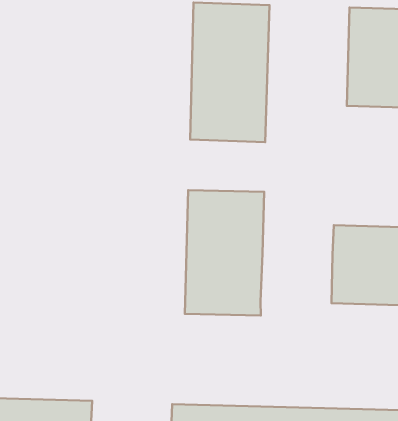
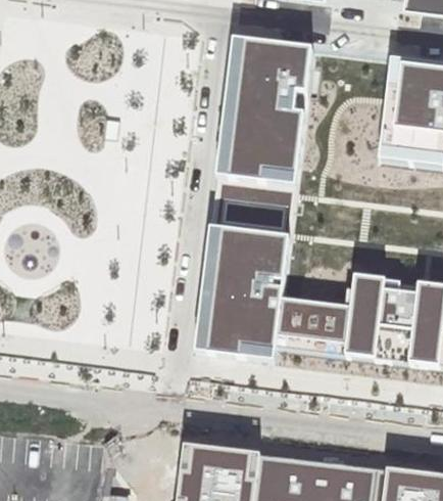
building: none -> [210,178,292,237]
building: none -> [274,300,350,356]

